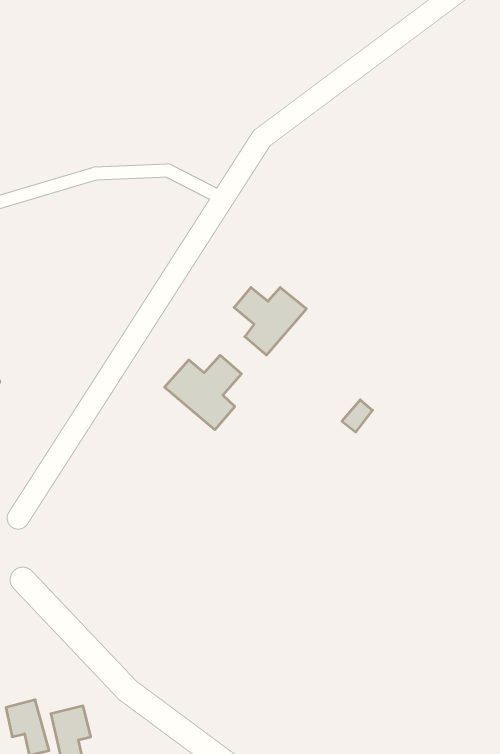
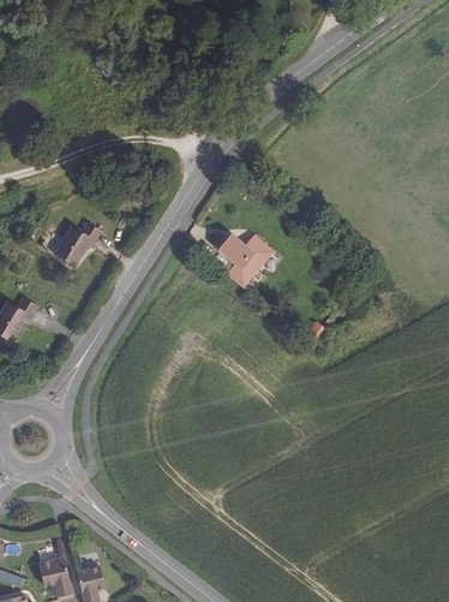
building: none -> [54,223,100,266]
building: [165,355,241,430] -> none

